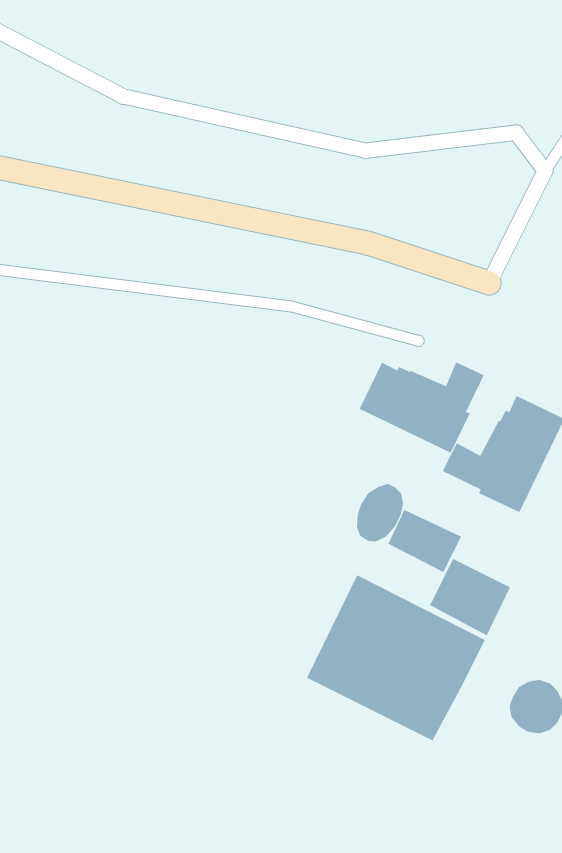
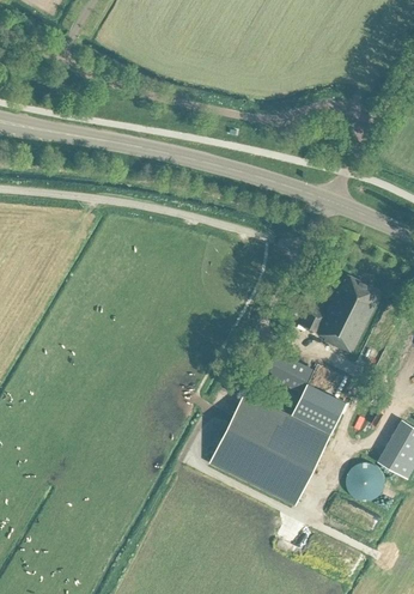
building: [359,362,485,453] -> none
building: [356,483,404,542] -> none

